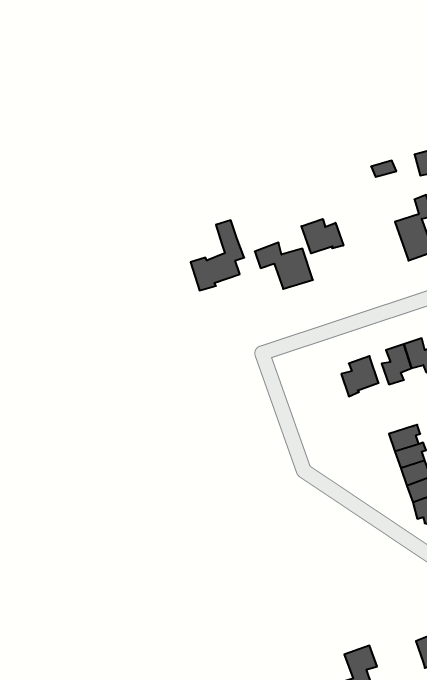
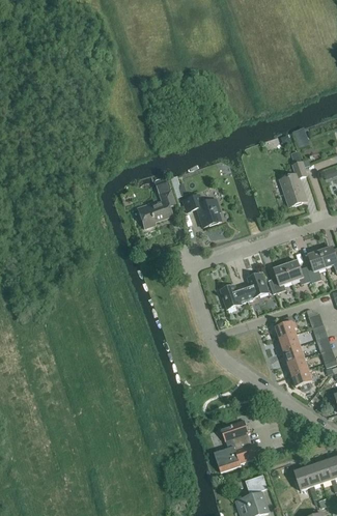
building: [301,219,343,253] -> none
building: none -> [221,285,248,308]
building: none -> [215,420,260,471]

